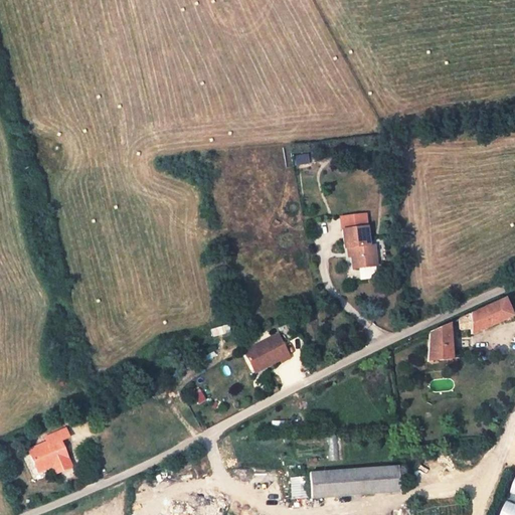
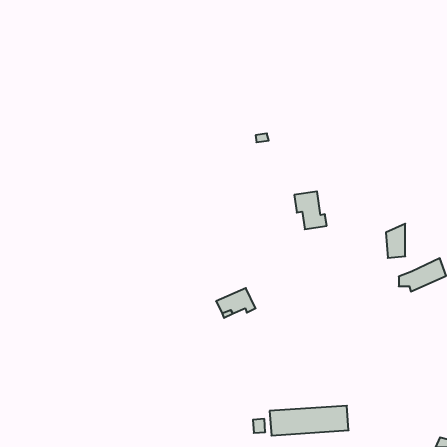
building: [428,321,451,360] -> [386,224,405,258]
building: [32,430,76,475] -> none

